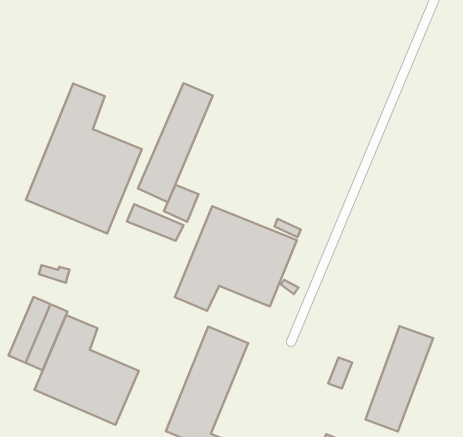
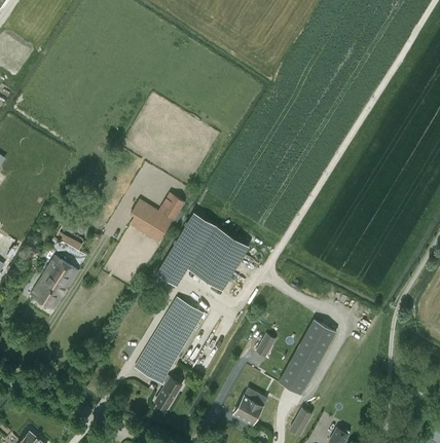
building: [138,83,213,202] -> none
building: [26,84,142,234] -> none
building: [34,315,139,425] -> none

